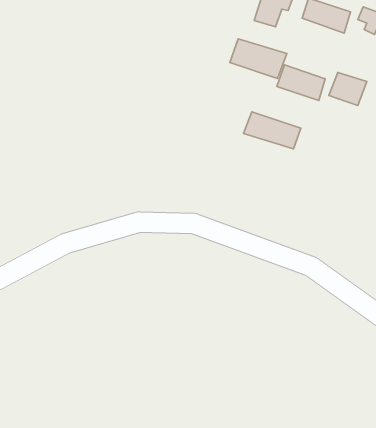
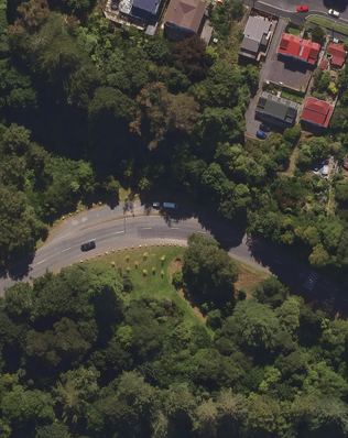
building: [230,39,287,79] -> none
building: [243,112,301,149] -> none

